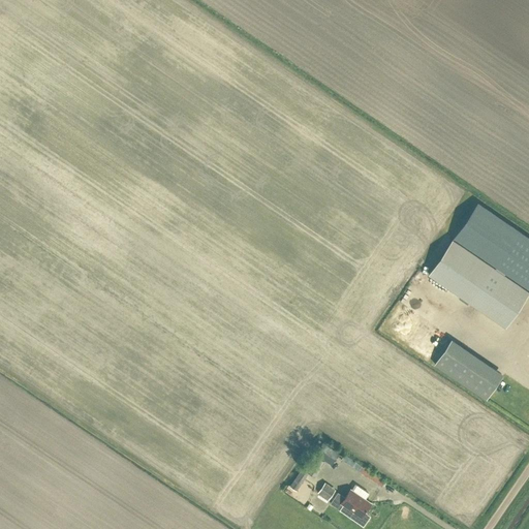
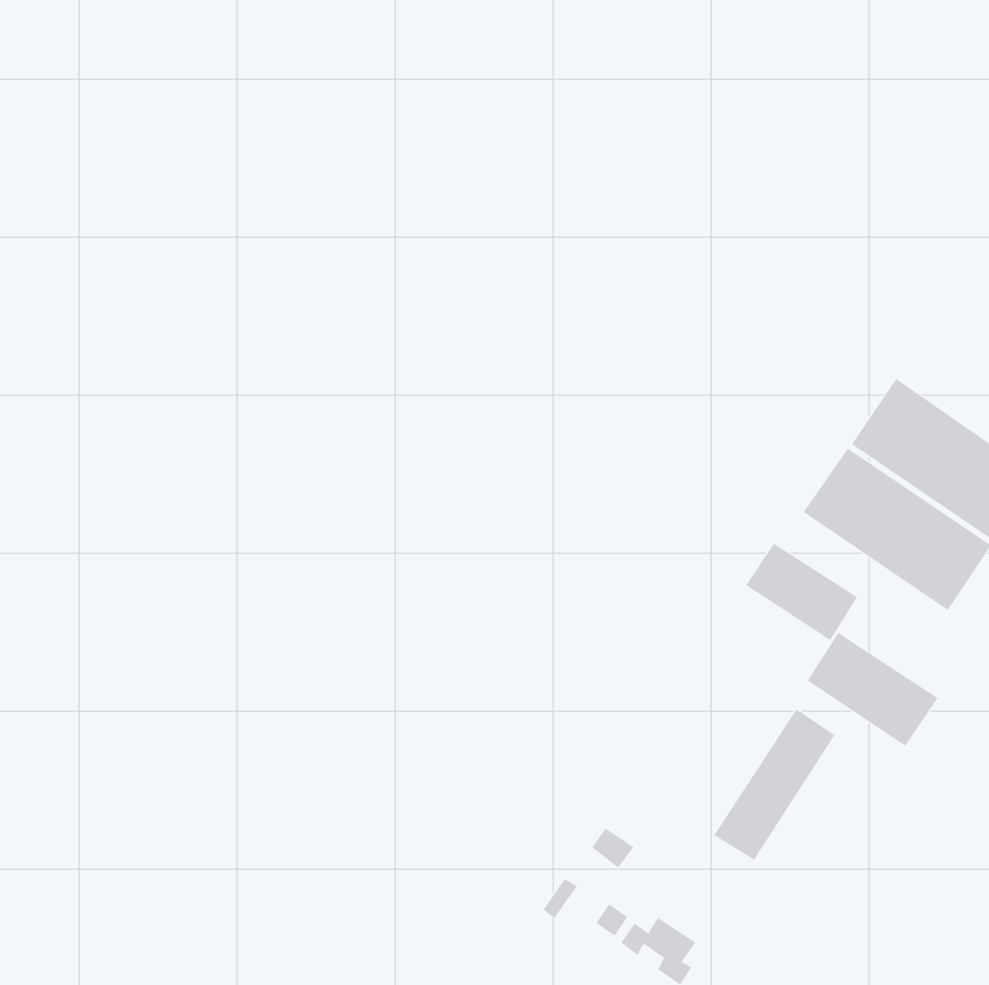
building: none -> [745,543,858,641]
building: none -> [713,709,835,861]

